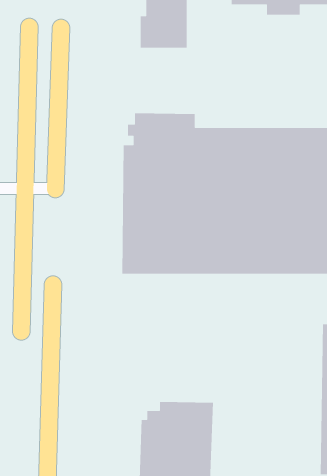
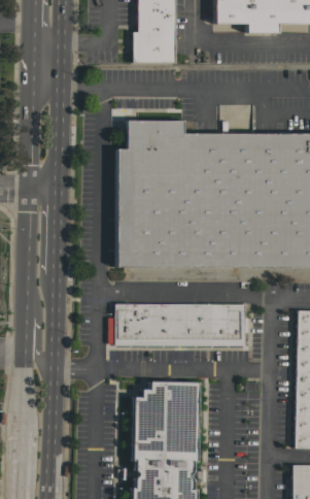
building: none -> [114,303,248,345]

